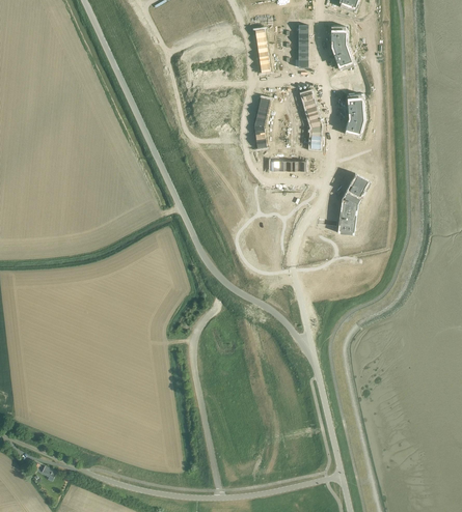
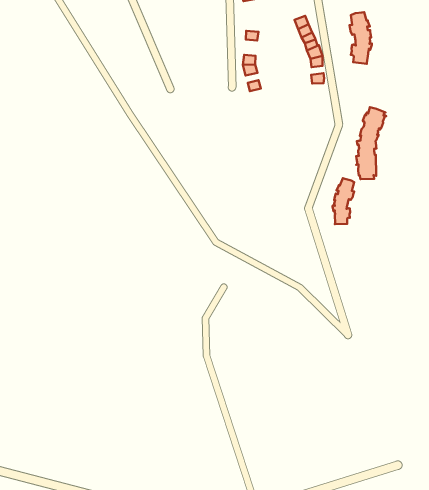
building: none -> [332,178,354,224]

